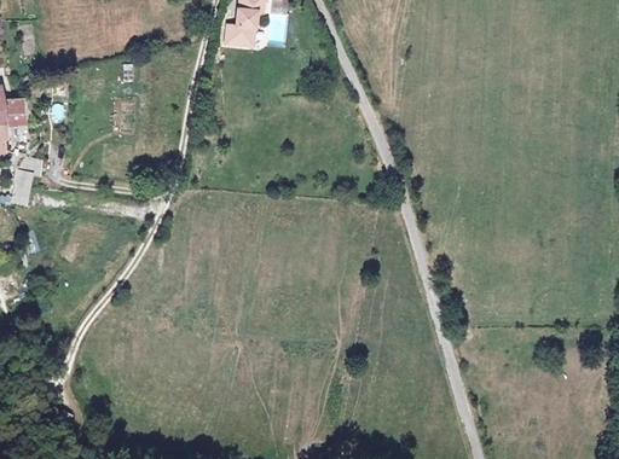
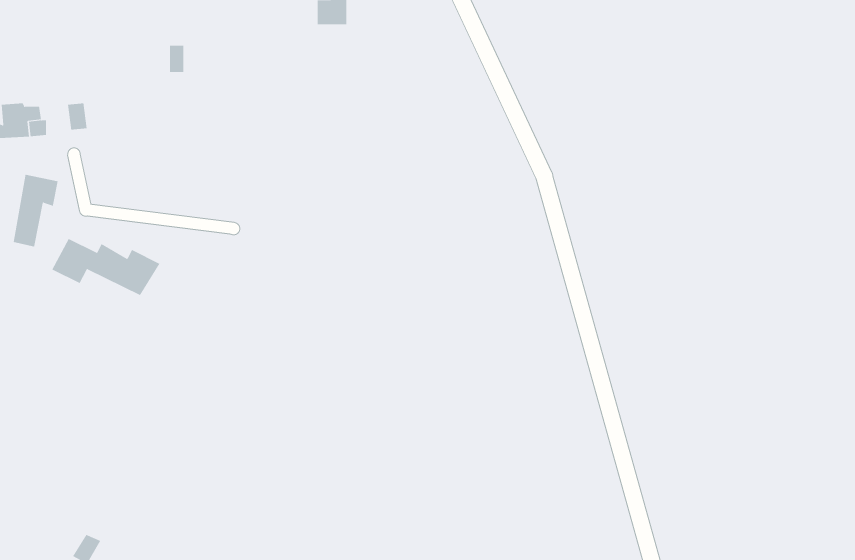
building: none -> [51,238,160,296]

